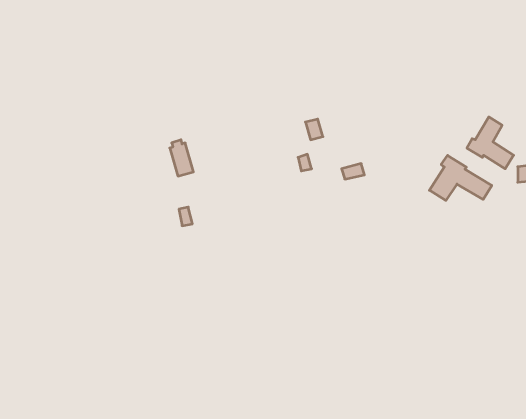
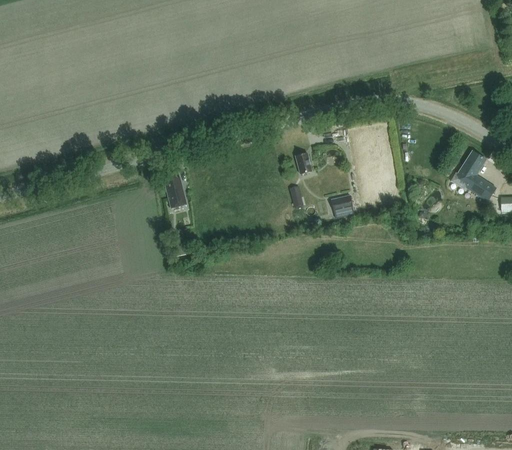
building: [429,155,492,200] -> none

